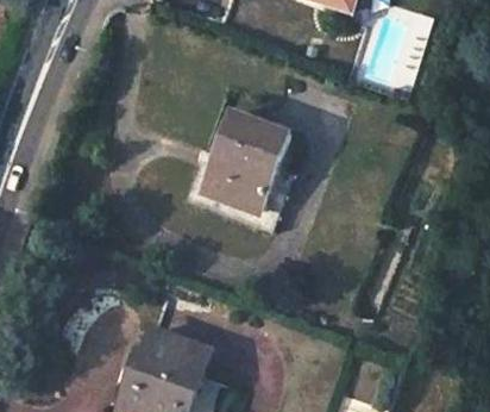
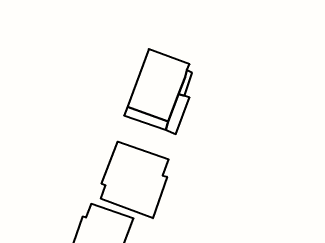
building: none -> [101,142,169,218]

